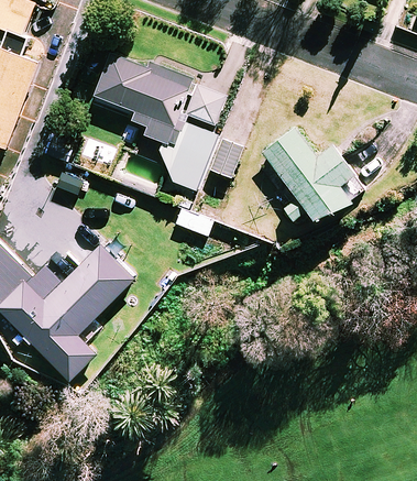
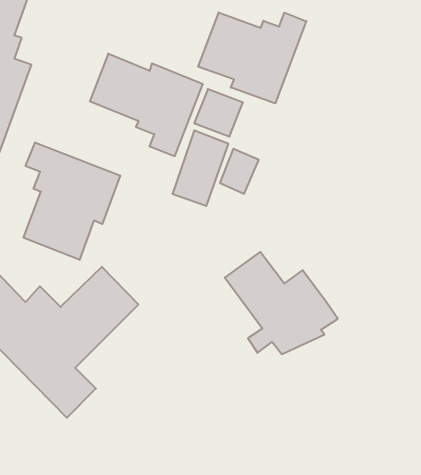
building: none -> [198,12,306,103]
building: [262,129,364,221] -> [225,252,338,354]
building: none -> [24,142,120,260]

